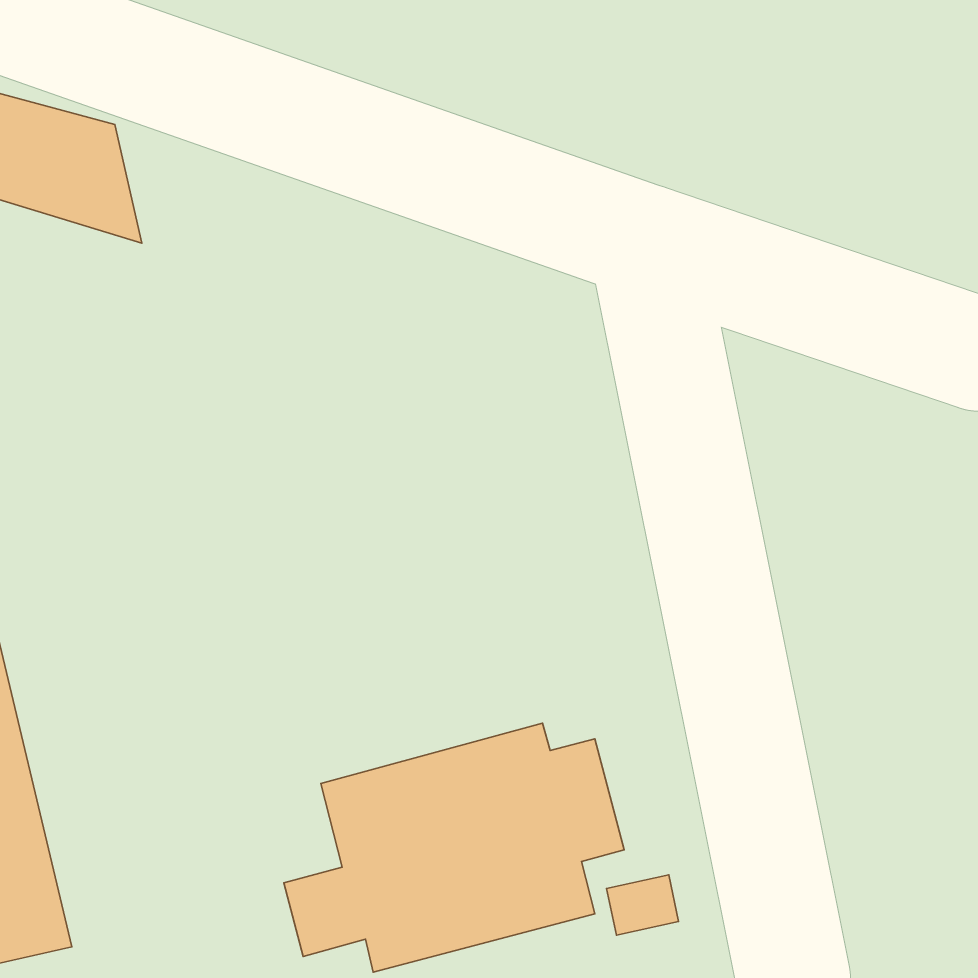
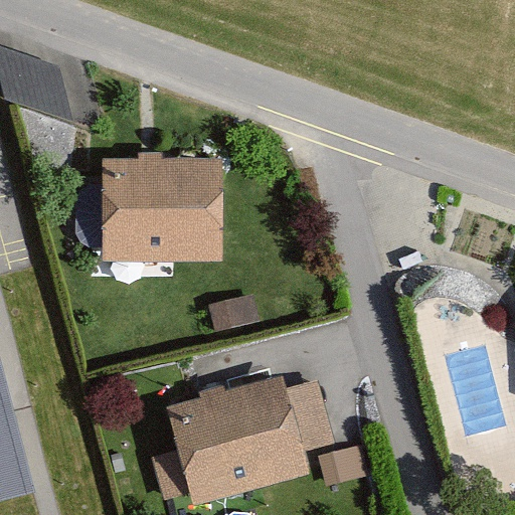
building: none -> [102,159,218,255]

